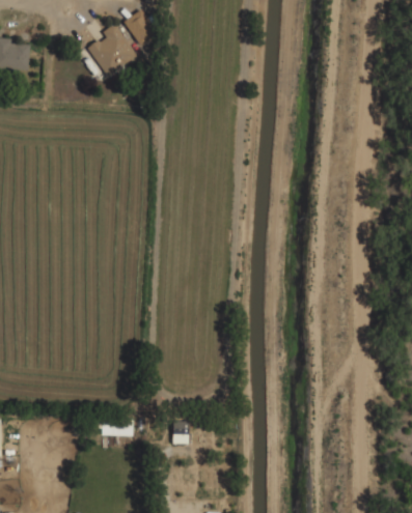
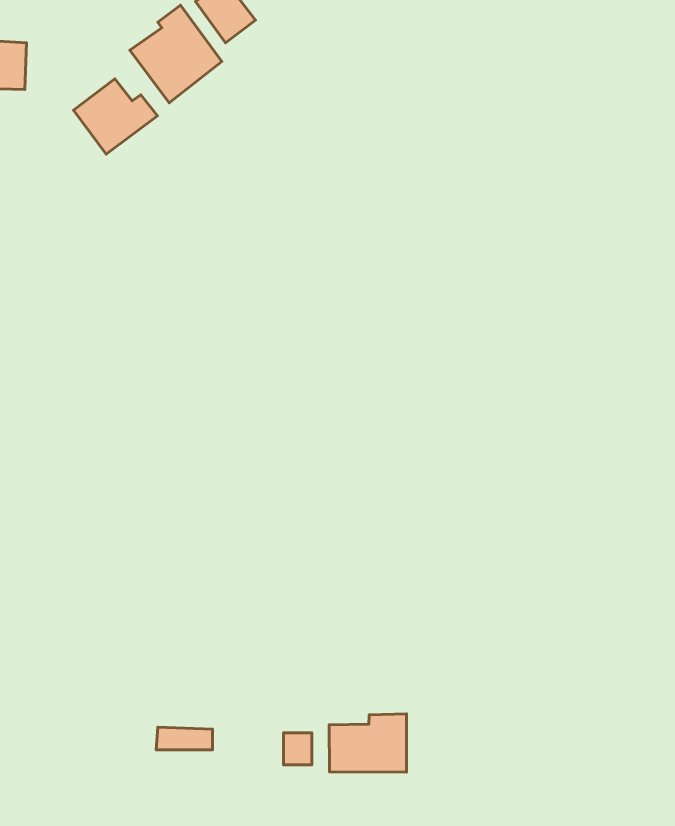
building: none -> [74,79,157,154]
building: none -> [329,714,406,772]

